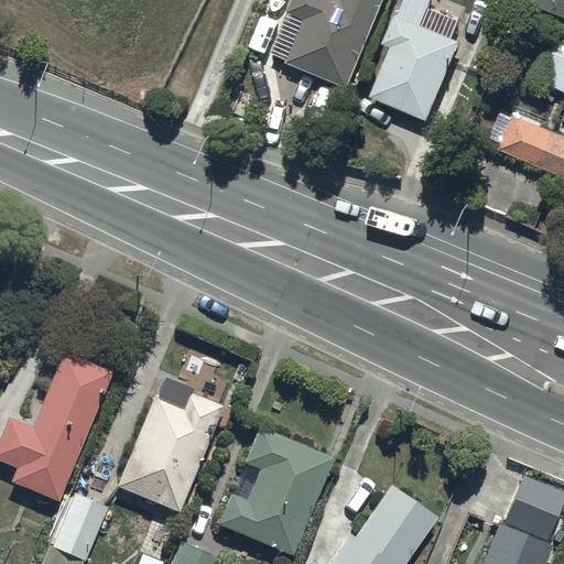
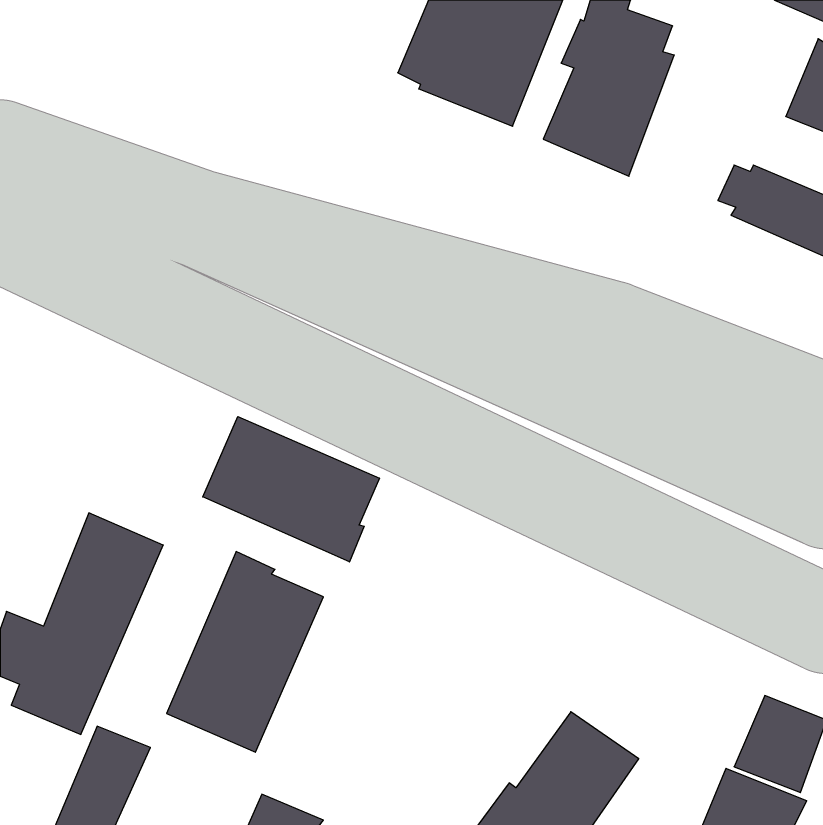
building: none -> [203,417,379,562]
building: [217,425,334,556] -> none

